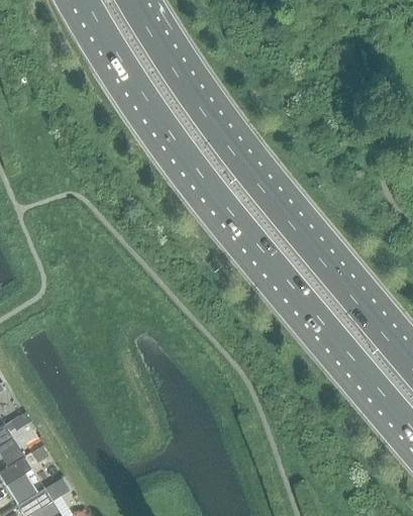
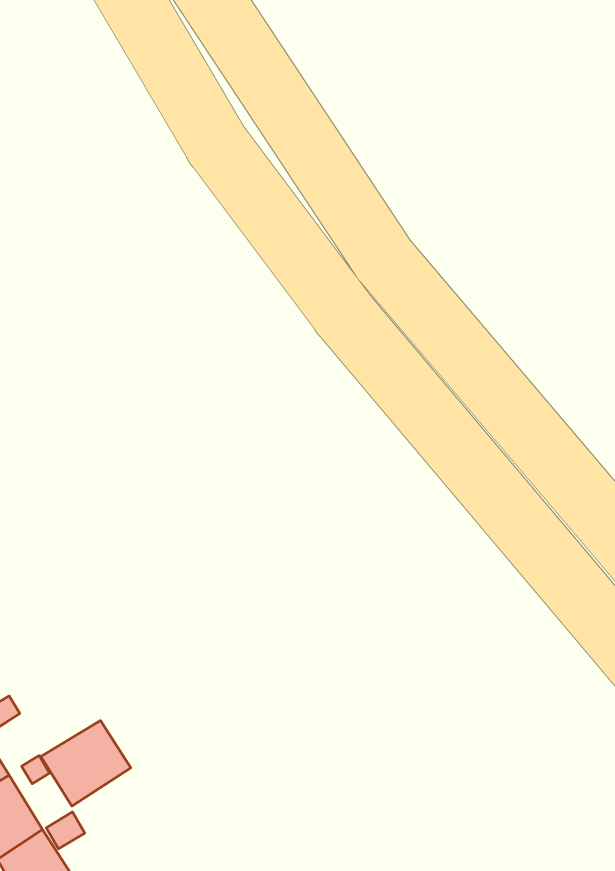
building: none -> [41,720,131,806]

